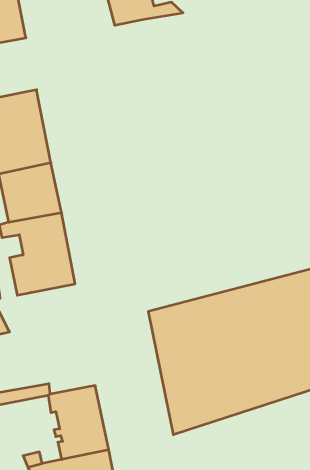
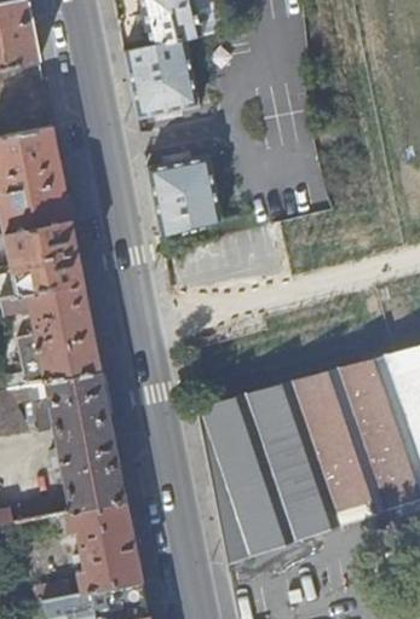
building: none -> [123,39,199,120]
building: none -> [146,155,221,235]
building: none -> [35,371,126,510]

